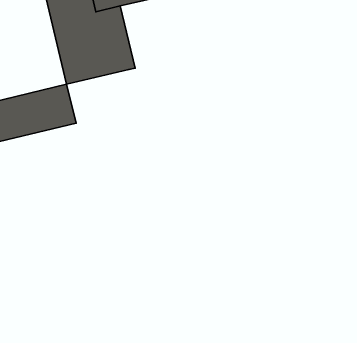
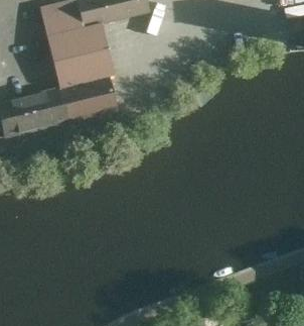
building: none -> [57,77,117,121]

